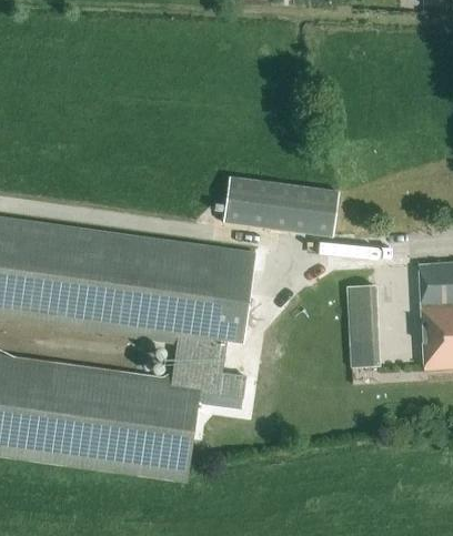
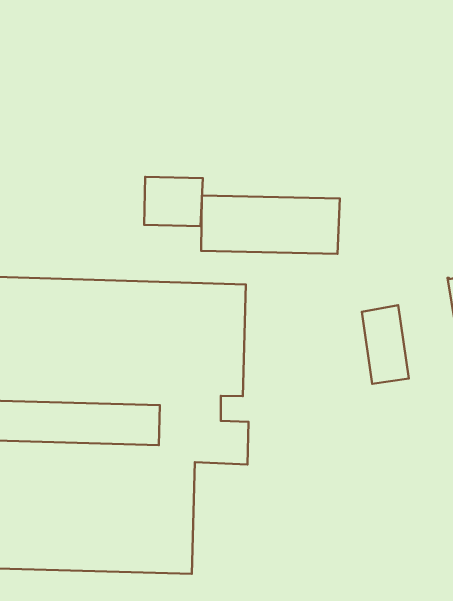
building: none -> [144,177,203,226]
building: [349,343,380,367] -> none

